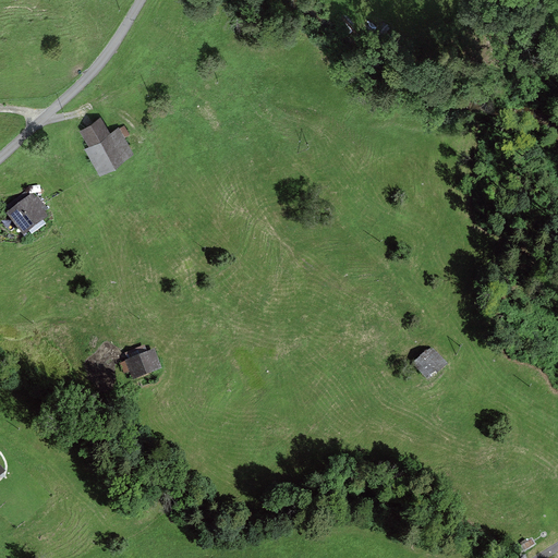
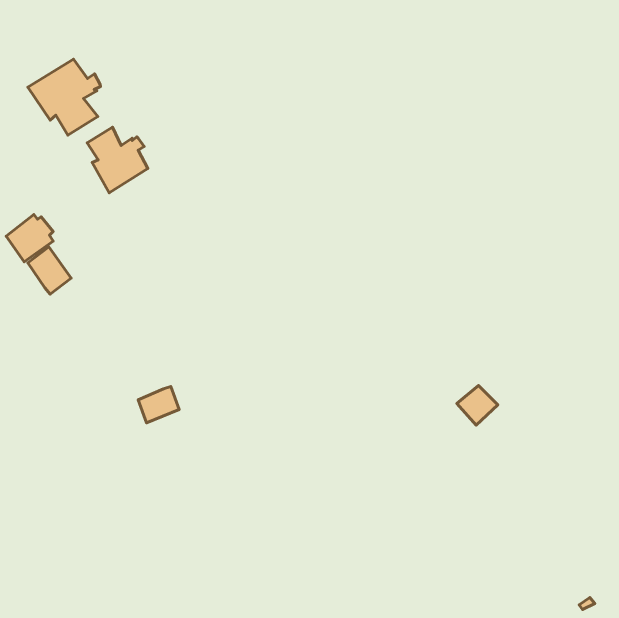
building: none -> [28,59,101,135]
building: none -> [28,247,71,294]

